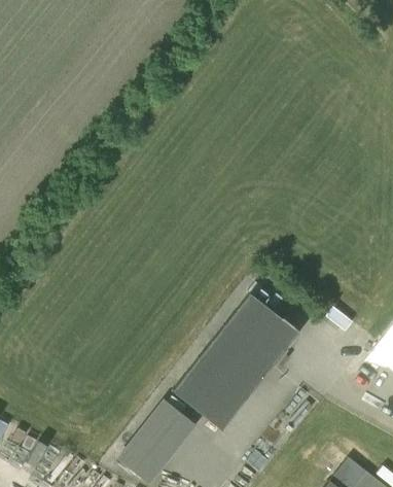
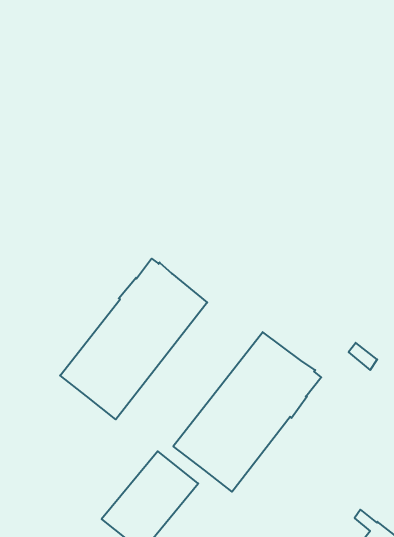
building: none -> [60,259,207,419]

